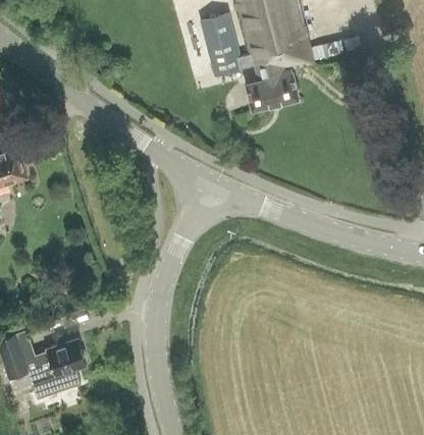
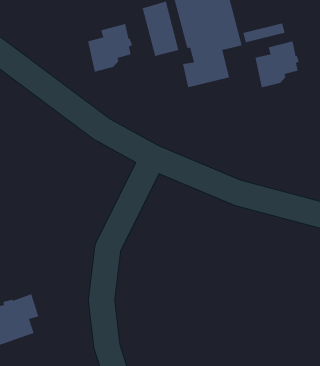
building: none -> [87,23,133,72]
building: none -> [255,41,300,88]

